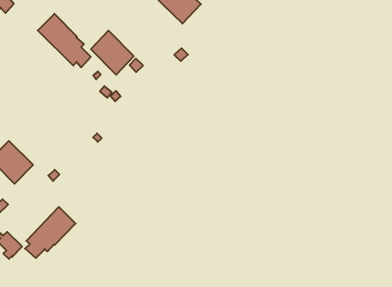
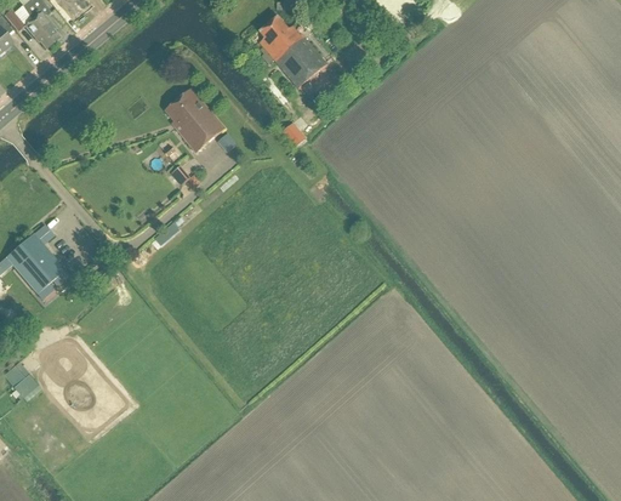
building: [38,14,91,67] -> none
building: [25,207,76,258] -> none

